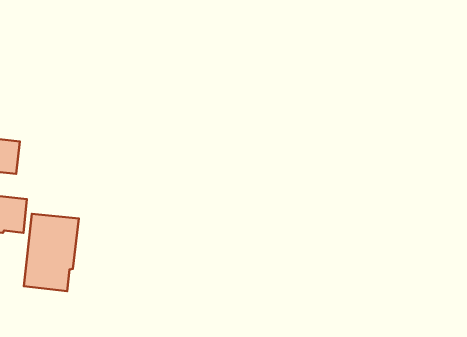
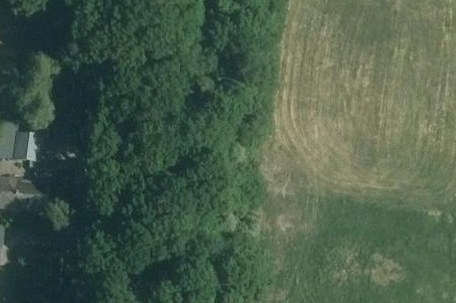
building: [24,214,79,291] -> none

